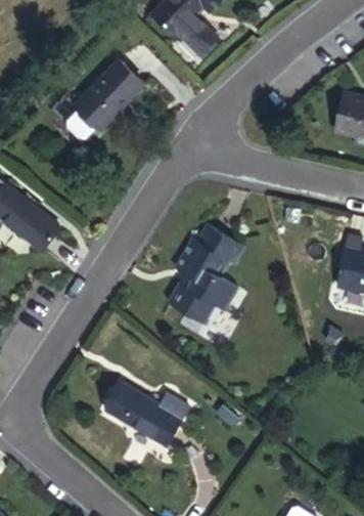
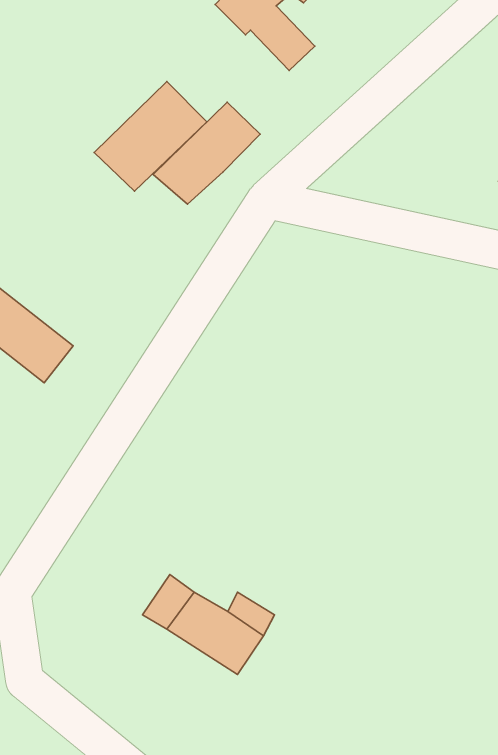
building: none -> [153,102,260,204]
building: [166,221,240,317] -> none

